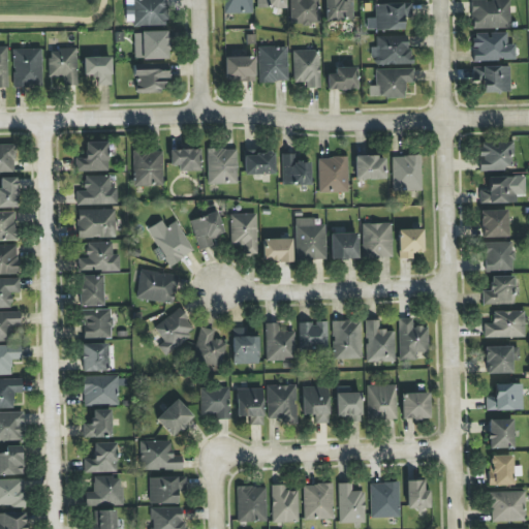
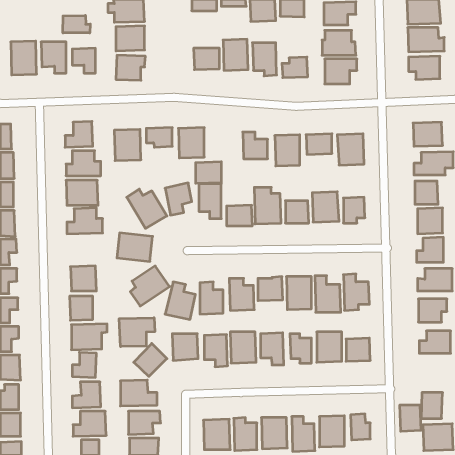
building: none -> [63,15,90,33]
building: [245,150,275,175] -> [196,162,221,183]
building: [80,275,103,305] -> none
building: none -> [119,318,155,347]
building: [489,418,514,448] -> [400,405,421,431]

